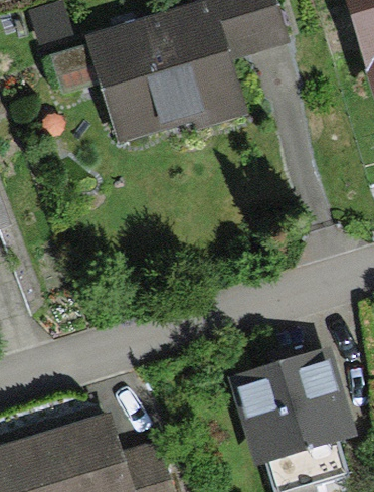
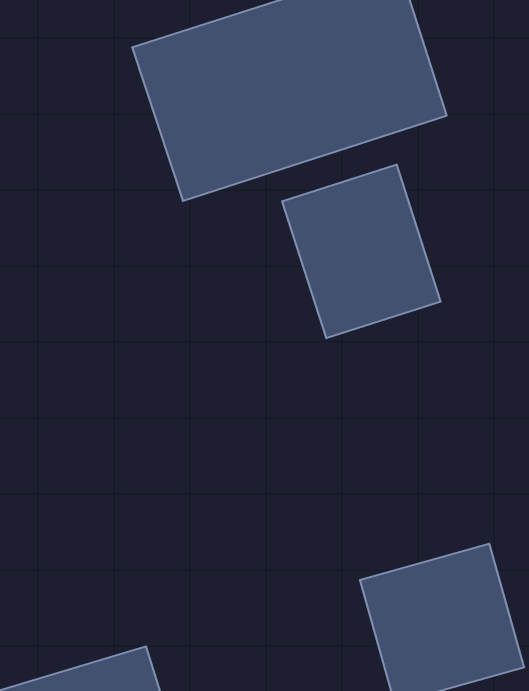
building: none -> [282,165,441,338]

